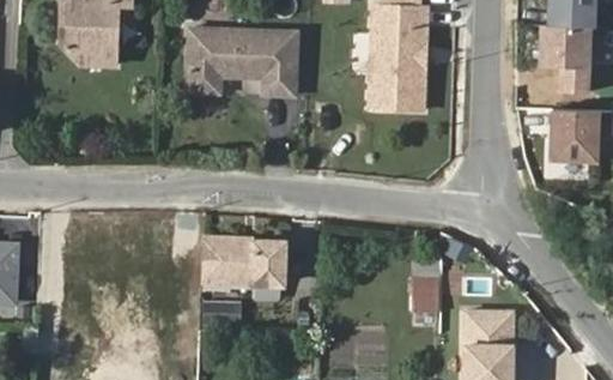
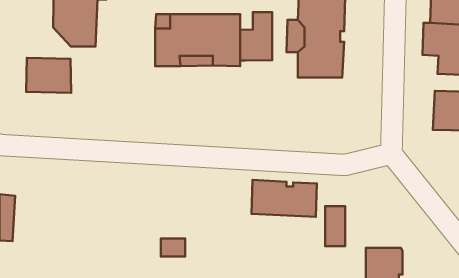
building: none -> [240,12,272,61]
building: none -> [26,58,71,93]
building: [198,239,280,285] -> [252,180,317,217]

